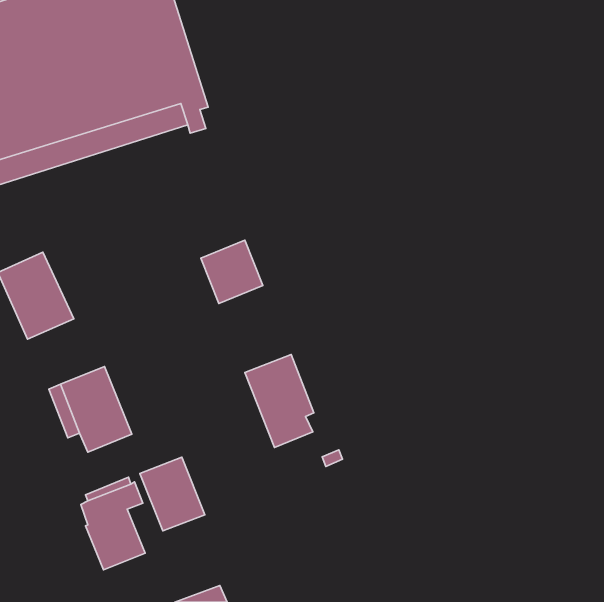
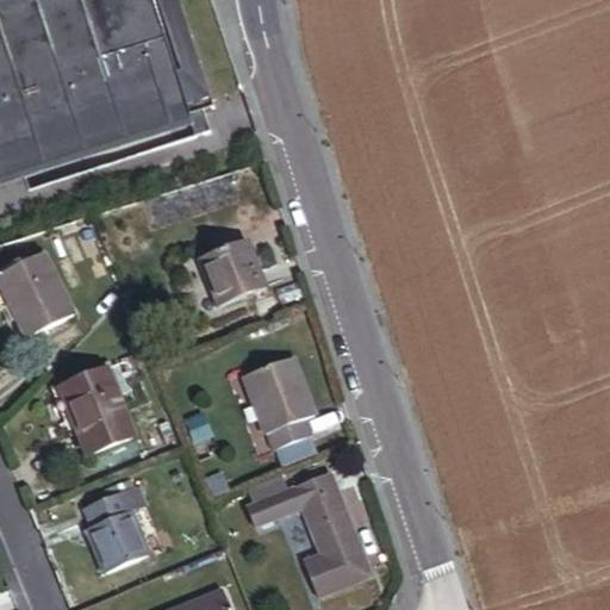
building: [140,457,205,531] -> none
building: none -> [245,471,371,596]

